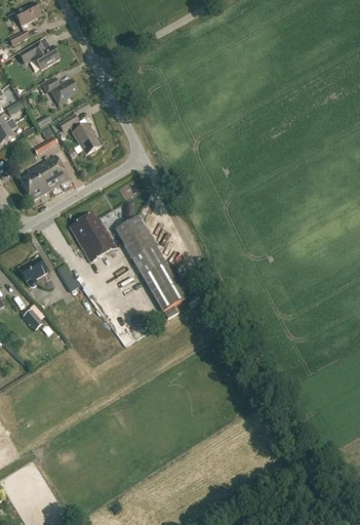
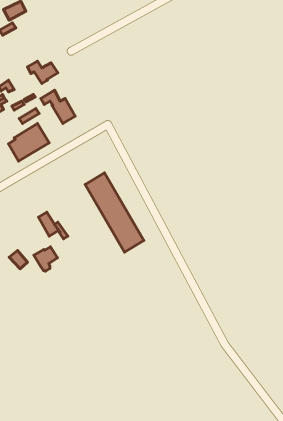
building: [18,39,61,69] -> none
building: [70,211,116,260] -> none
building: [17,255,46,285] -> [34,247,57,271]

